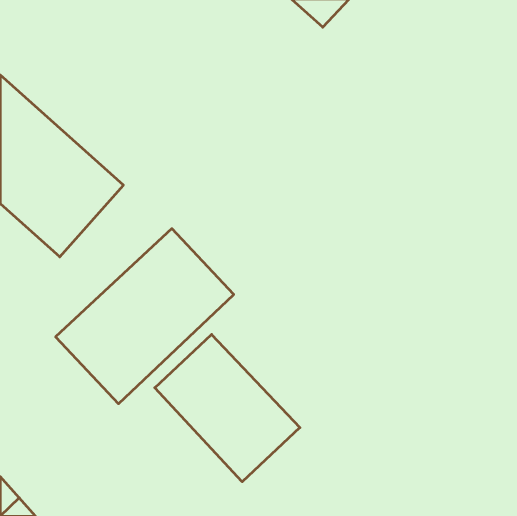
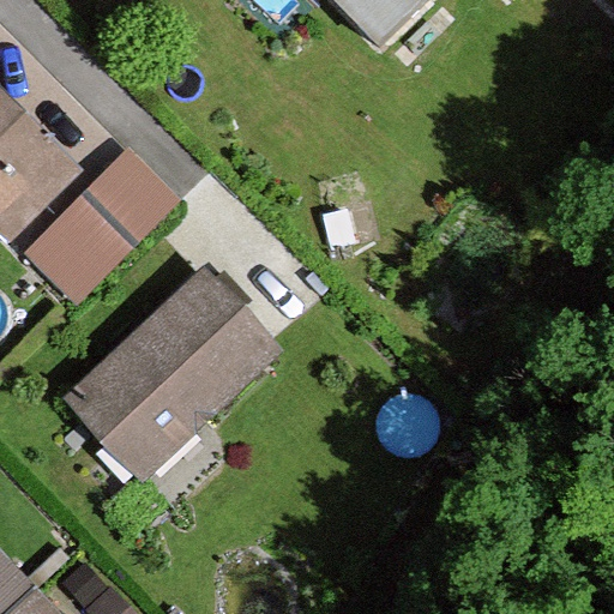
building: [155,334,300,482] -> none

